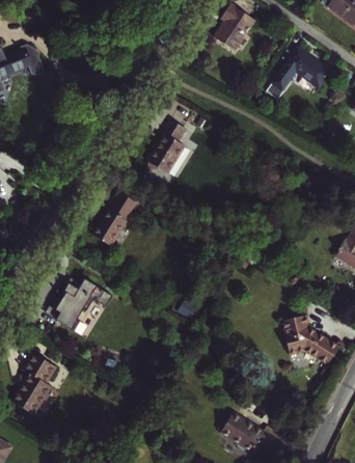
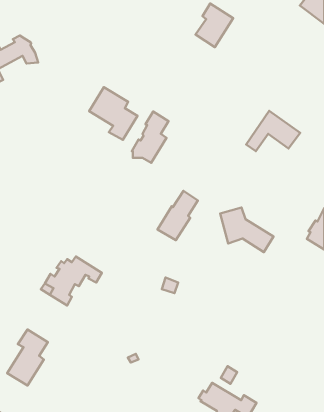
building: [273,48,331,91] -> [246,111,300,151]
building: none -> [89,87,138,140]
building: [91,195,135,248] -> [157,191,198,240]
building: [281,317,338,364] -> [220,208,273,252]

